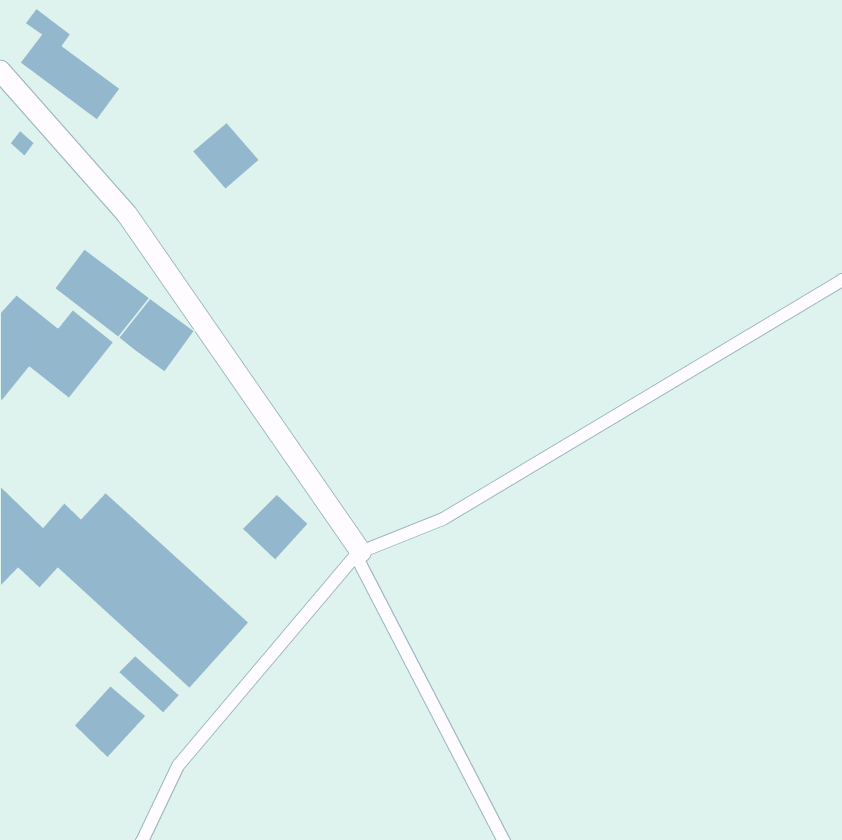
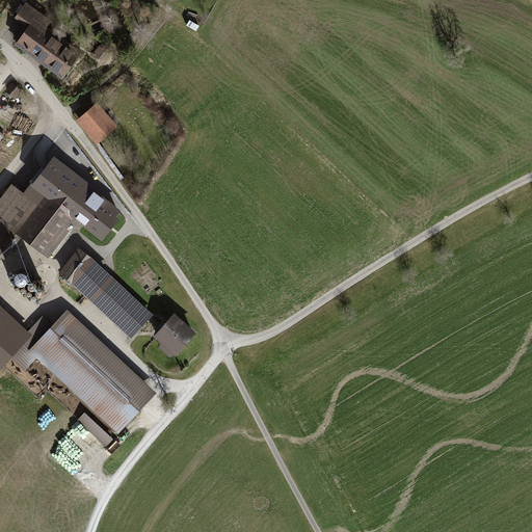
building: [192,122,260,190] -> [75,103,117,145]
building: none -> [61,250,151,335]
building: [74,686,146,758] -> none

